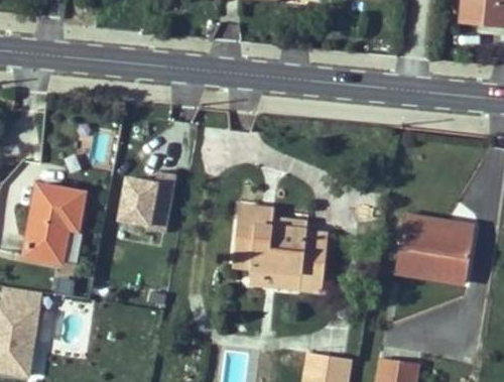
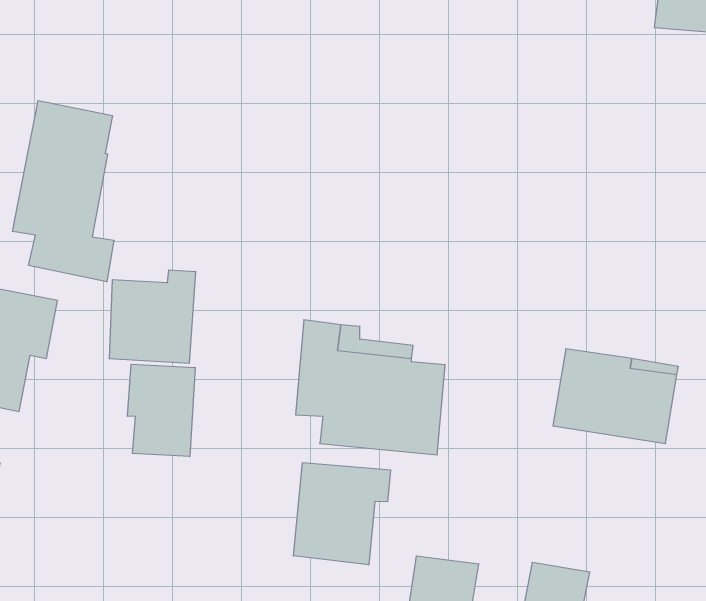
building: none -> [13,101,114,282]
building: none -> [128,364,195,457]
building: none -> [293,463,391,565]

